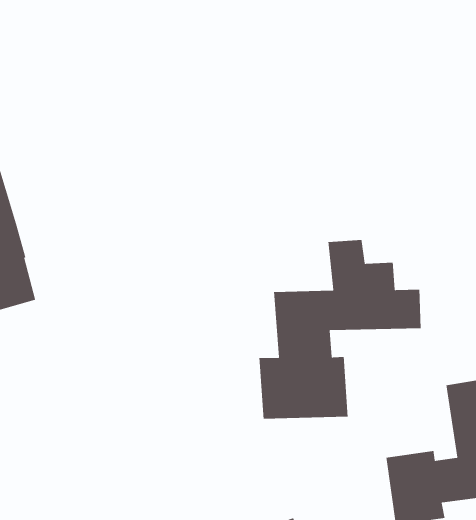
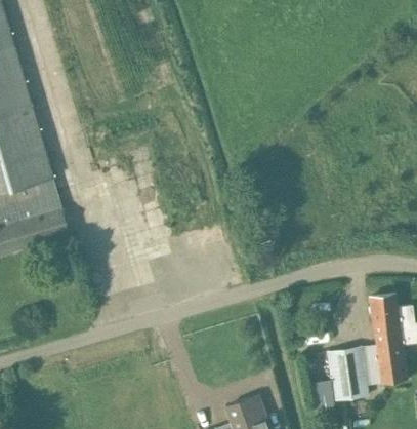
building: [259,239,421,420] -> none

